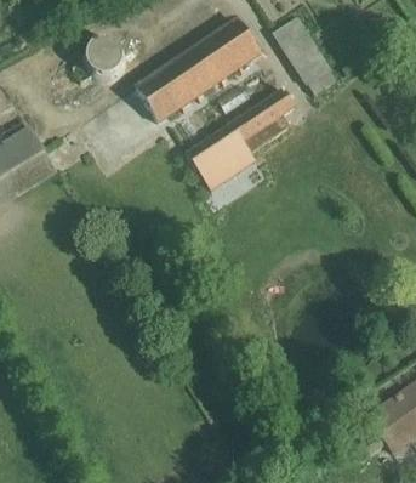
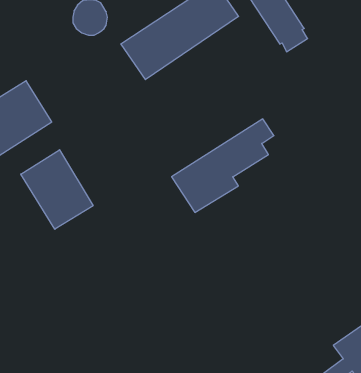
building: [184,87,296,189] -> [172,119,274,212]
building: none -> [21,150,93,229]

